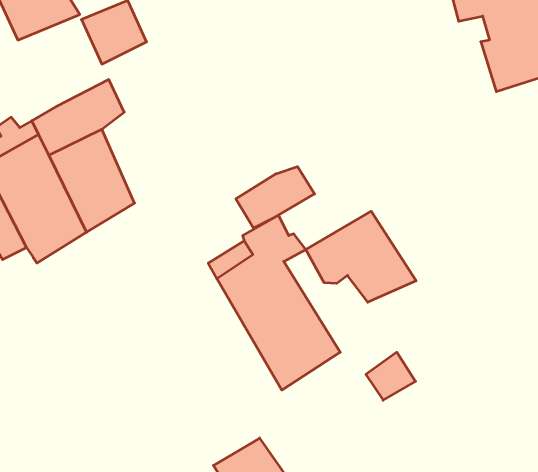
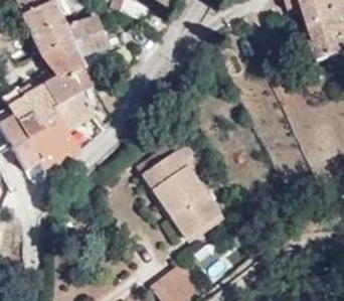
building: none -> [33,24,87,79]
building: [236,167,315,228] -> none
building: [306,211,416,302] -> none

